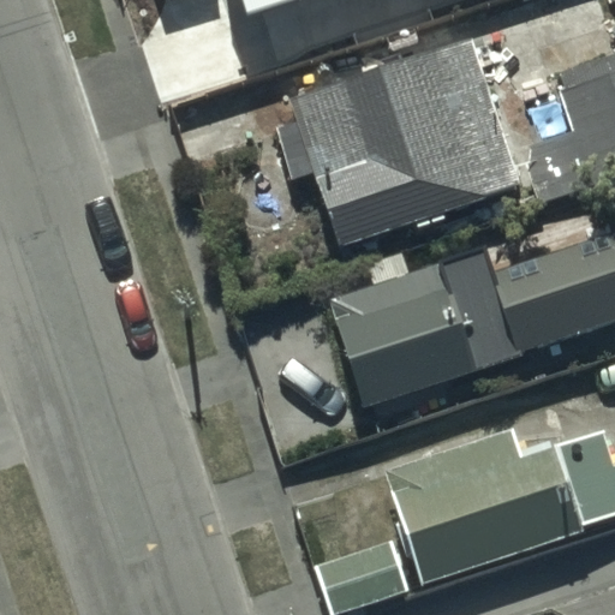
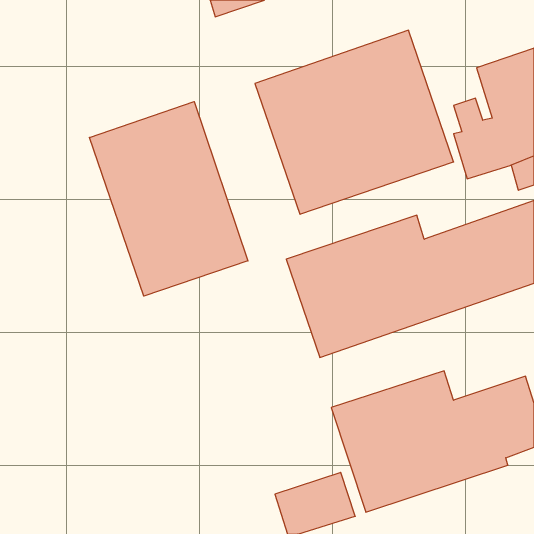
building: none -> [89,102,248,296]

